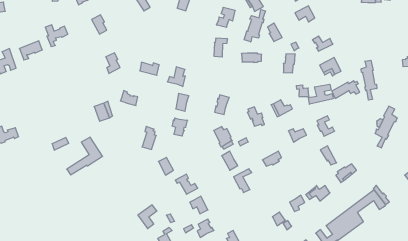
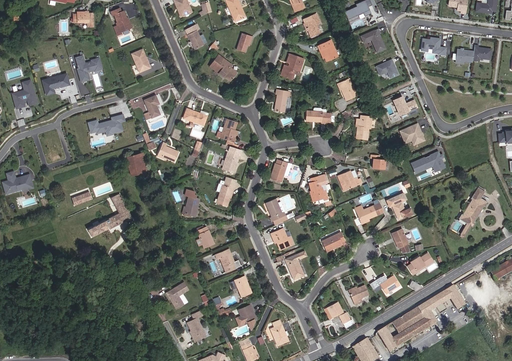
building: [244,9,266,42] -> none
building: none -> [208,53,237,80]
building: [361,60,377,100] -> none
building: none -> [88,115,125,134]
building: [309,84,333,104] -> none

